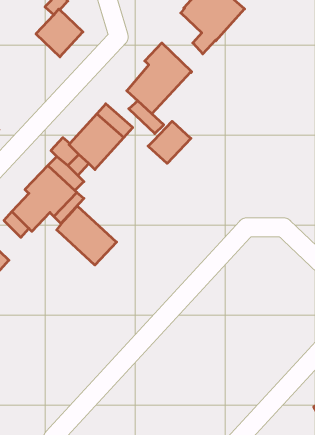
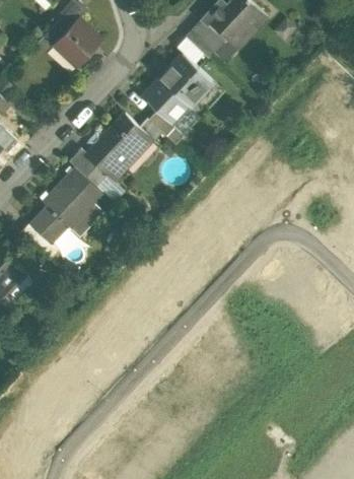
building: none -> [186,22,222,59]
building: [148,121,191,163] -> none
building: [57,206,117,265] -> none

